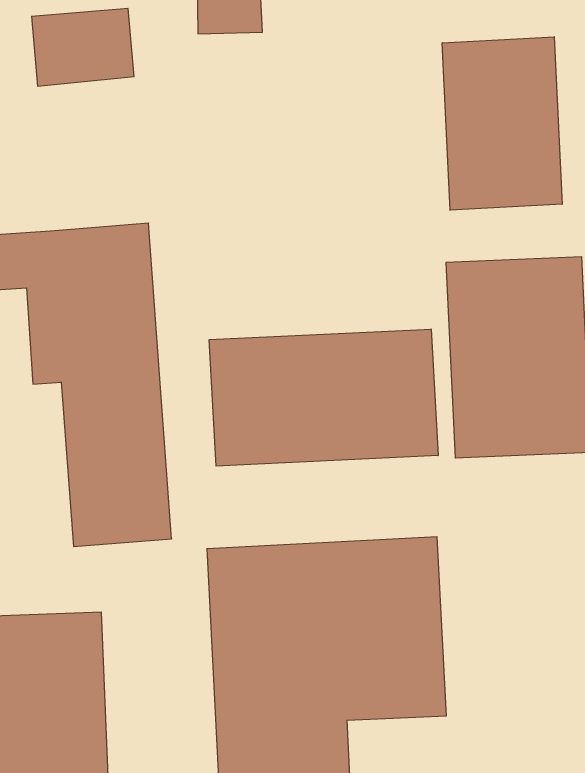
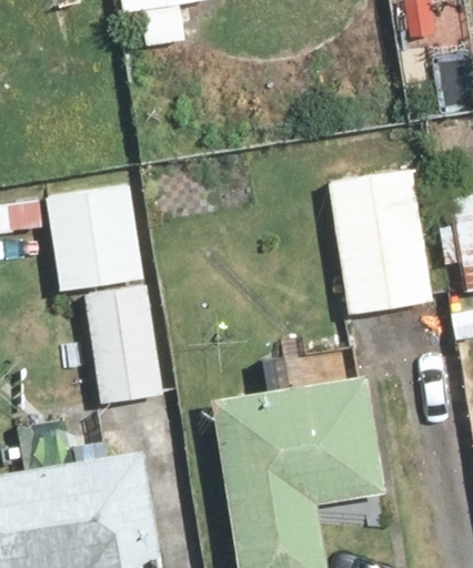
building: [442,37,562,210] -> none
building: [209,329,438,466] -> none

